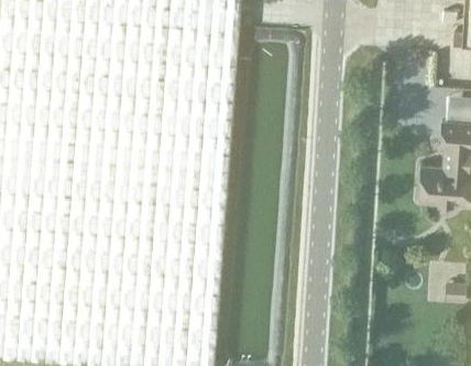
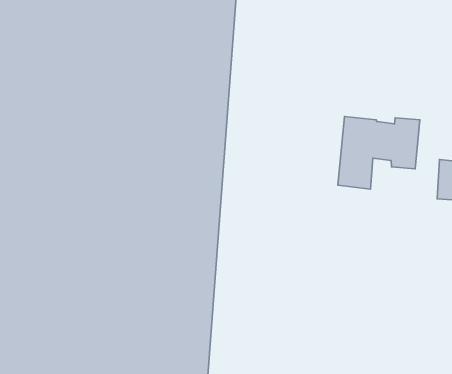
building: none -> [338,116,420,189]

